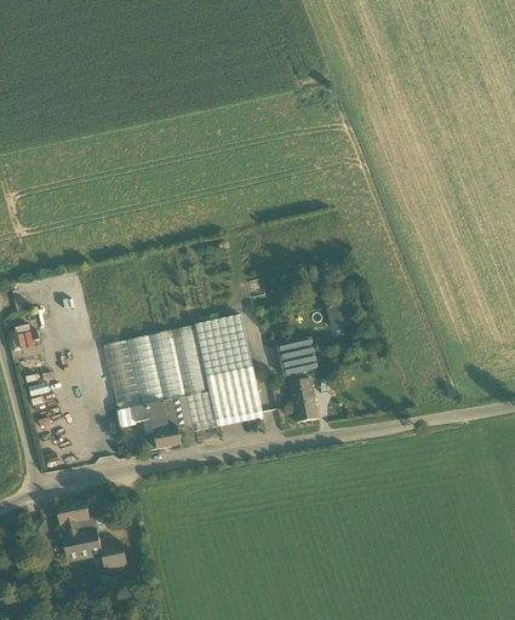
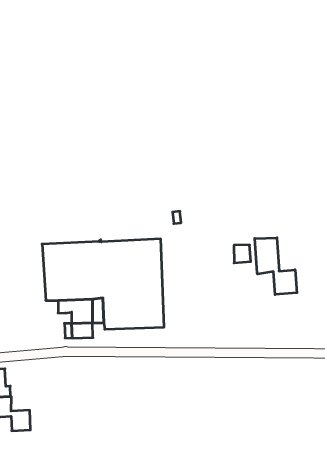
building: none -> [255,238,297,295]
building: [277,337,319,375] -> none
building: [291,378,317,421] -> none

